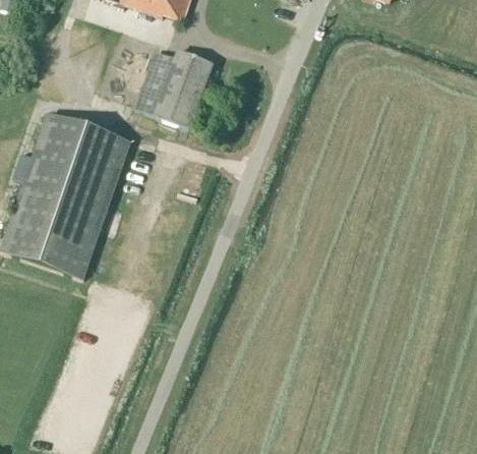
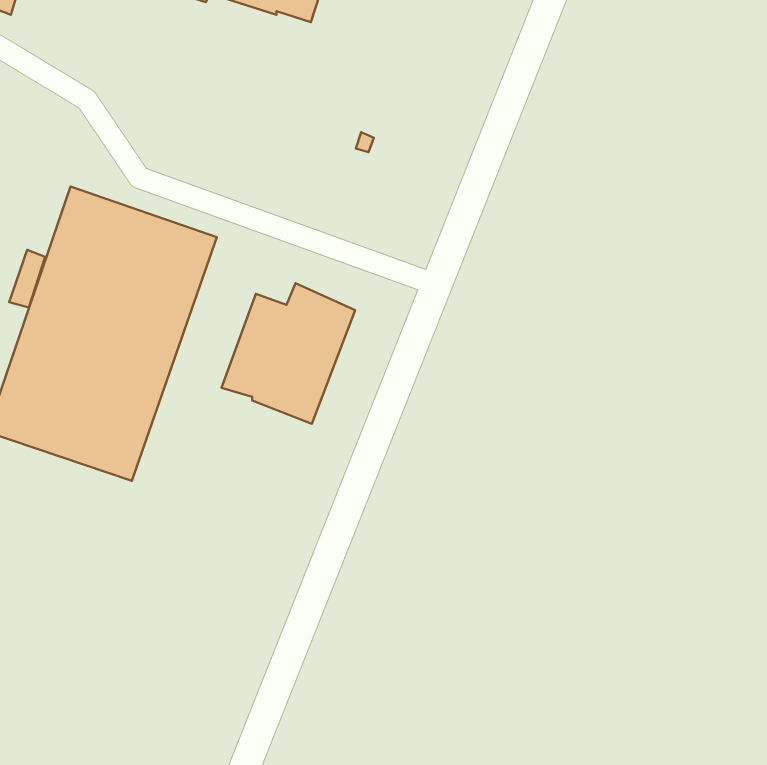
building: [137,48,213,127] -> [221,283,355,424]

